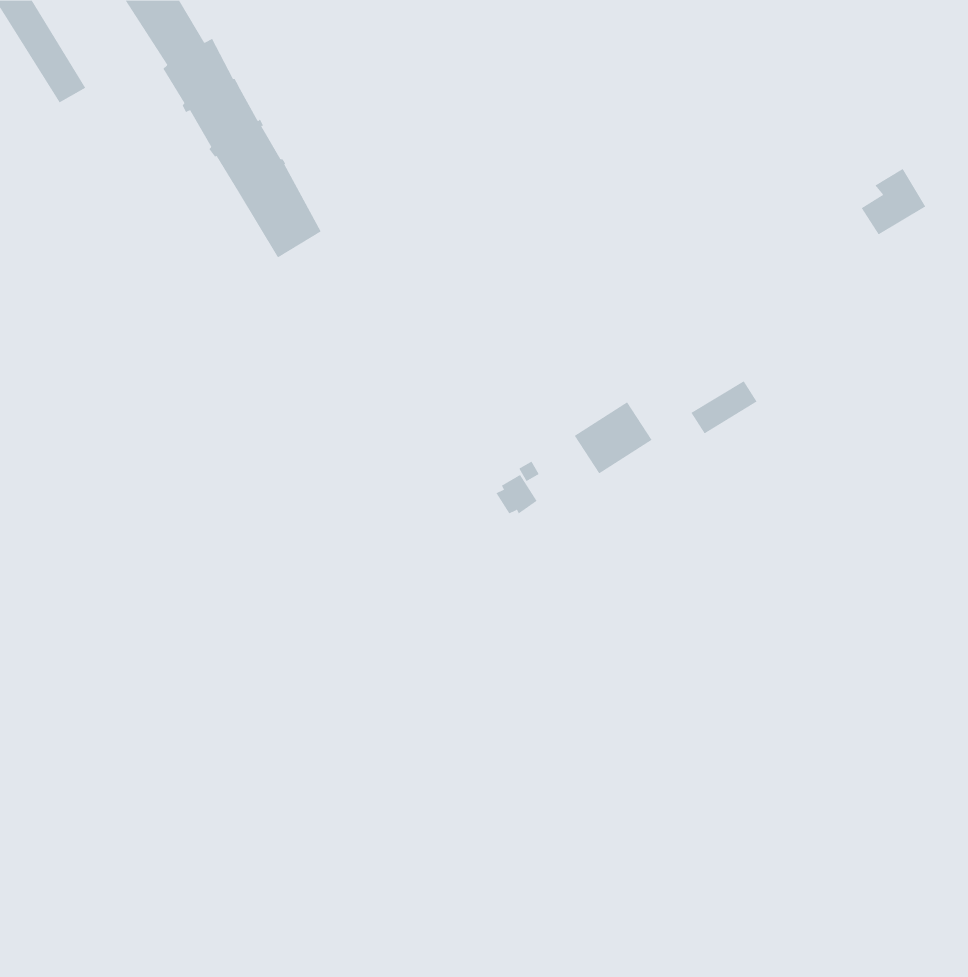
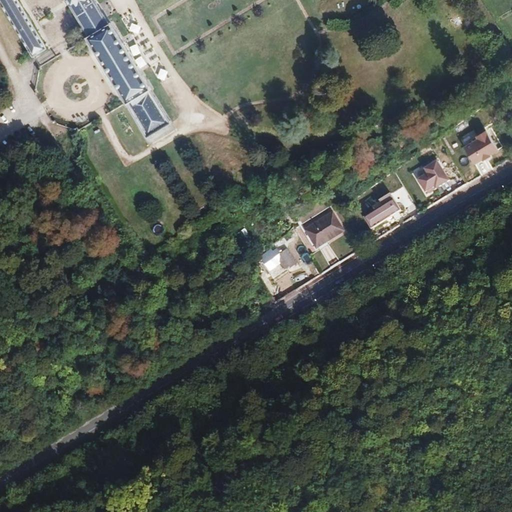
building: [861,168,926,235] -> [463,127,497,162]
building: none -> [414,160,445,194]

